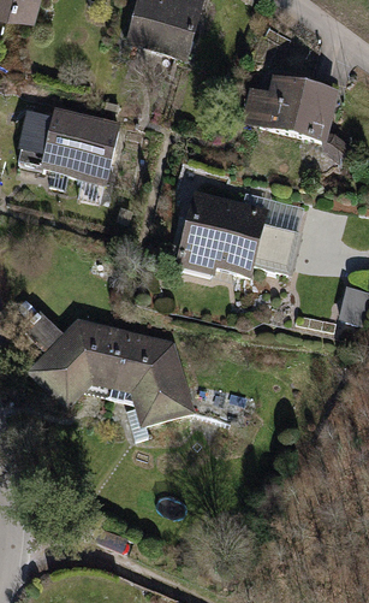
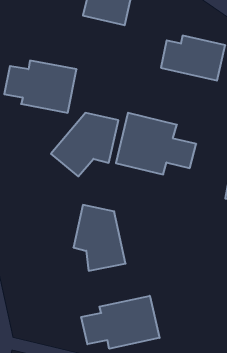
building: [26,315,127,410] -> [51,113,118,176]
building: none -> [81,296,160,349]

